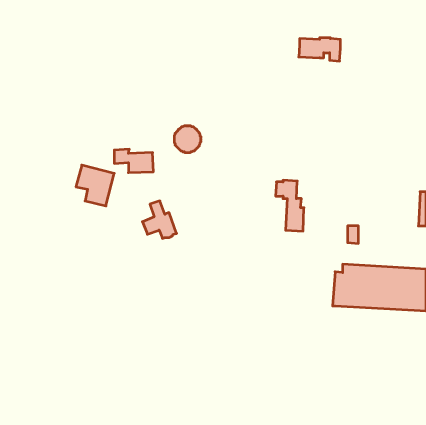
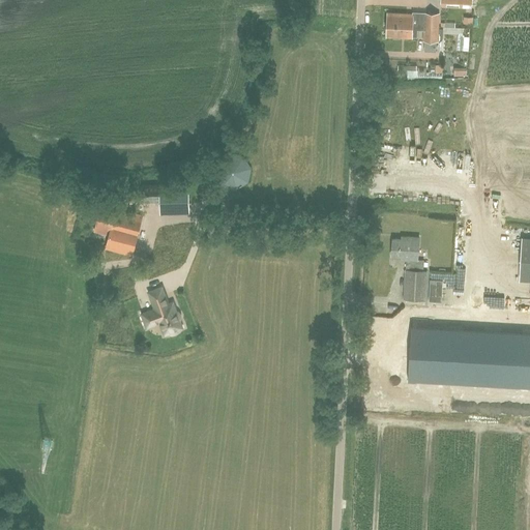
building: [299,38,340,61] -> [386,13,438,42]
building: [276,180,304,231] -> [391,238,426,301]
building: [142,201,177,238] -> [140,289,182,335]

